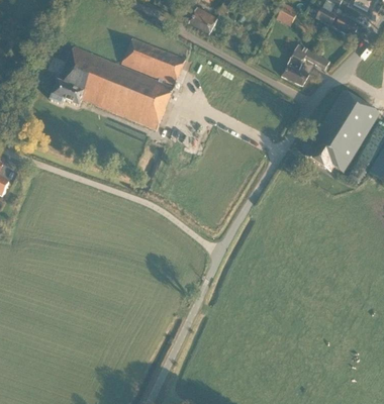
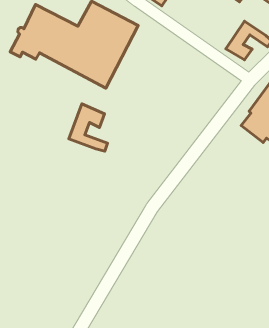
building: none -> [69,104,108,151]

